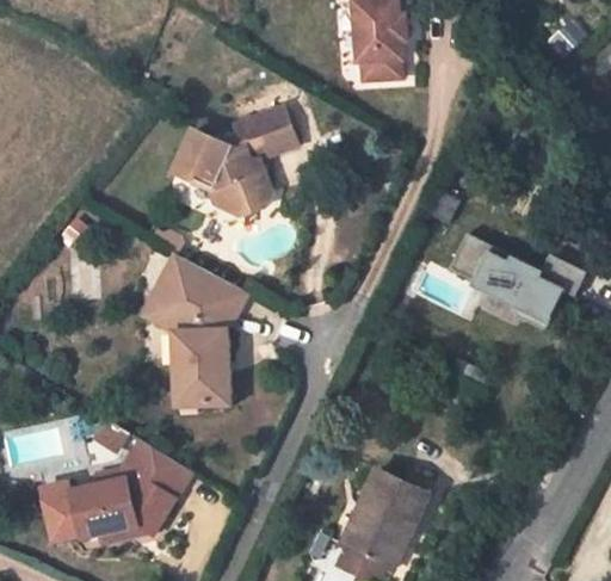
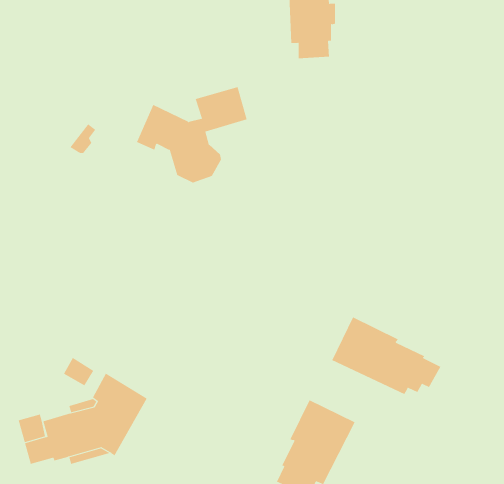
building: [444,236,584,326] -> none
building: [152,259,251,407] -> none
building: none -> [332,317,441,395]

